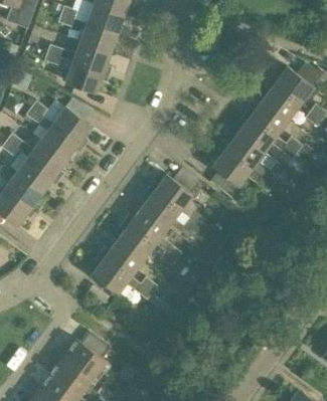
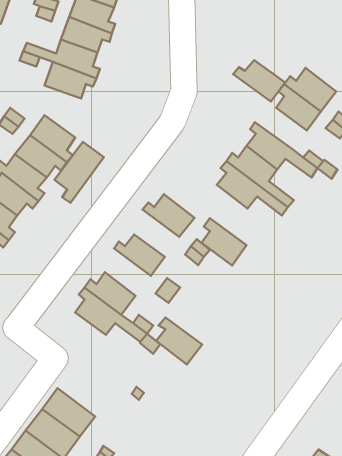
building: [244,99,289,135] -> [233,60,285,101]
building: none -> [55,142,104,203]
building: [142,186,180,226] -> [202,218,246,265]
building: [117,219,156,259] -> [156,317,202,365]

